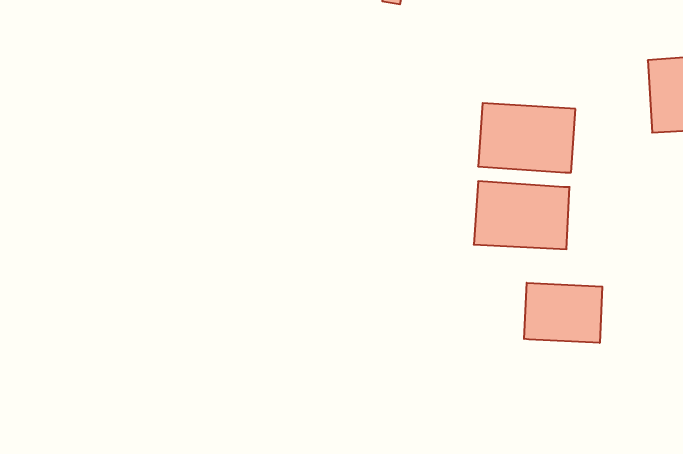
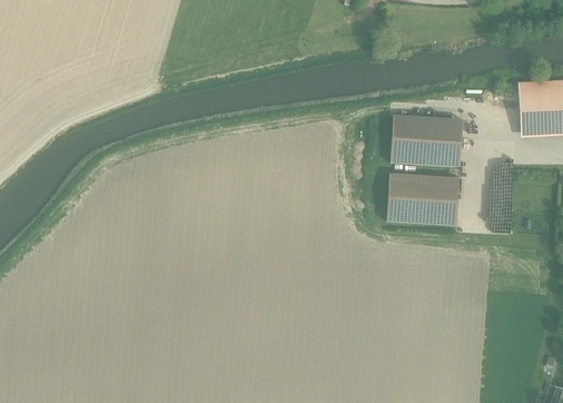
building: [524,283,602,343] -> none

